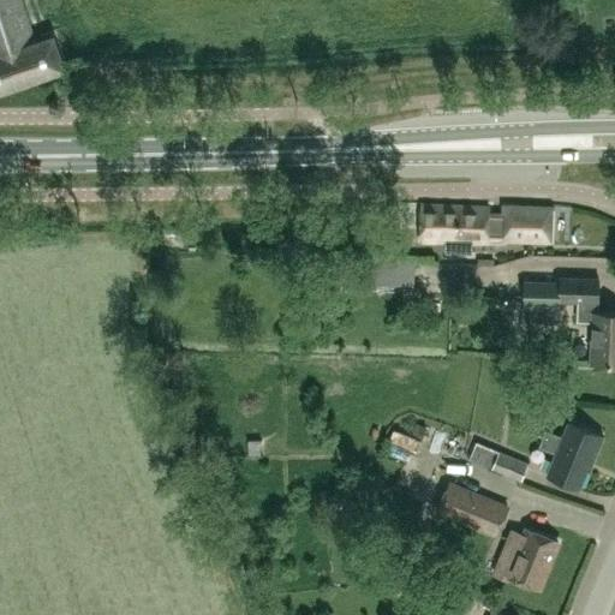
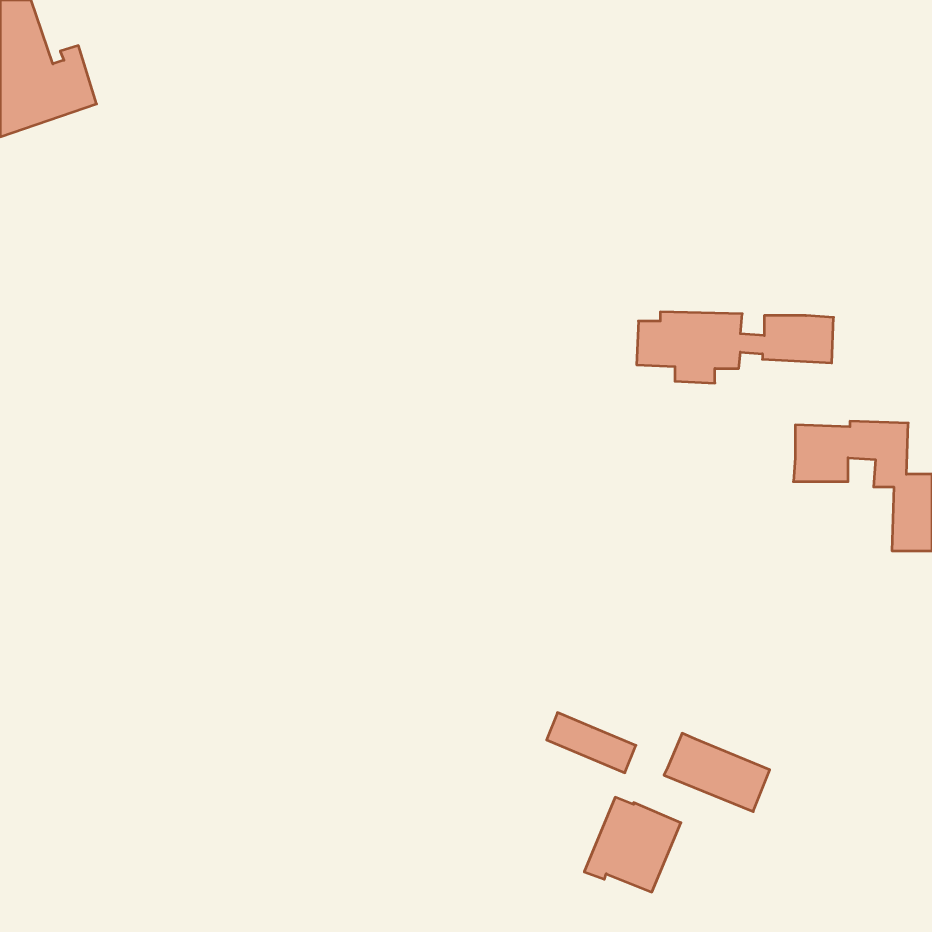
building: [539,422,603,489] -> none
building: [468,442,527,482] -> [547,713,636,773]
building: [494,525,557,587] -> [584,797,681,892]

